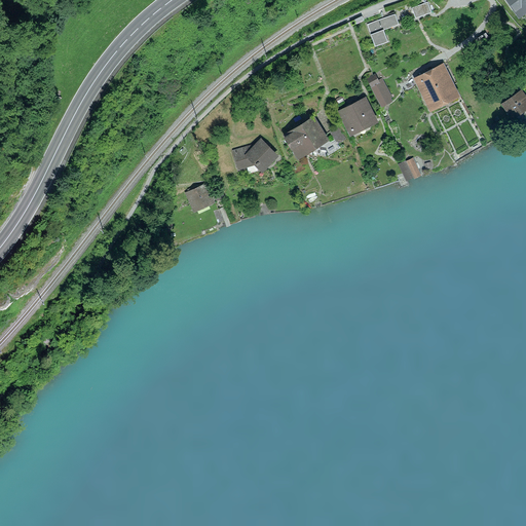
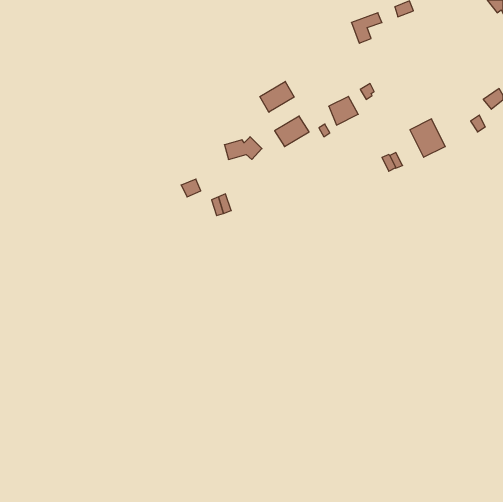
building: [417,66,454,106] -> [410,119,445,157]
building: none -> [260,81,294,112]

